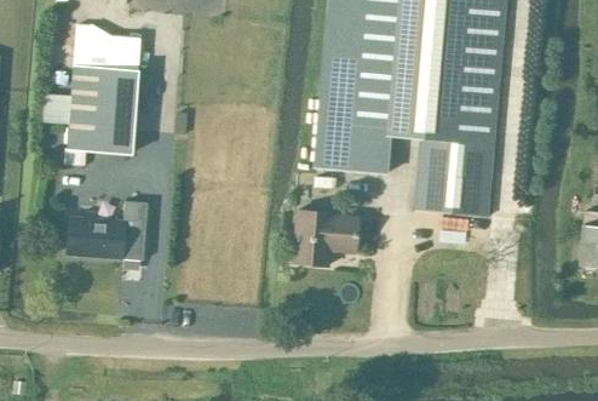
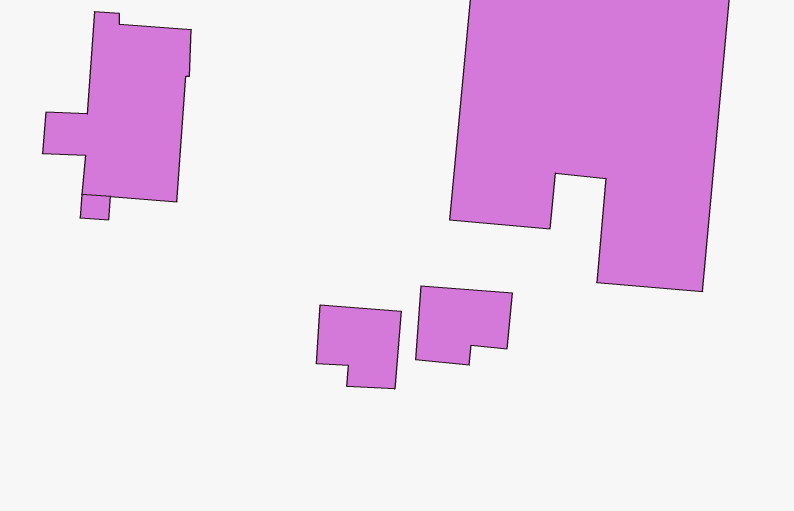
building: [68,200,146,258] -> none
building: none -> [317,305,401,389]

